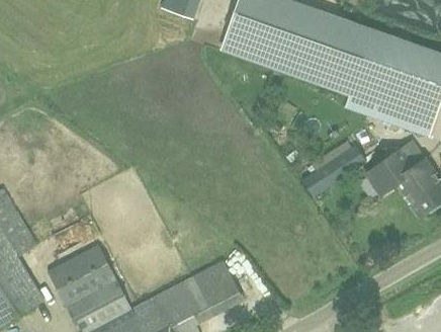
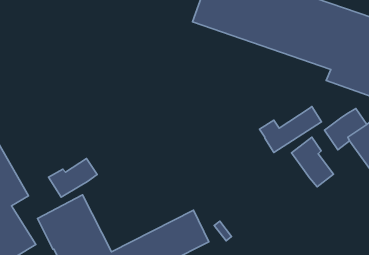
building: none -> [291,137,334,187]
building: none -> [48,159,97,197]

